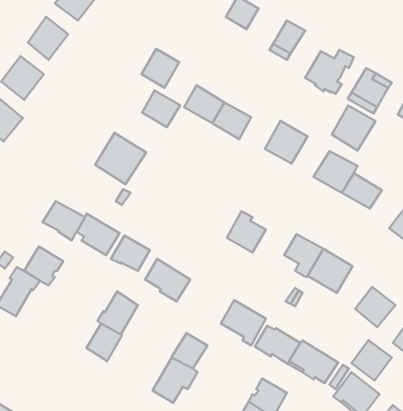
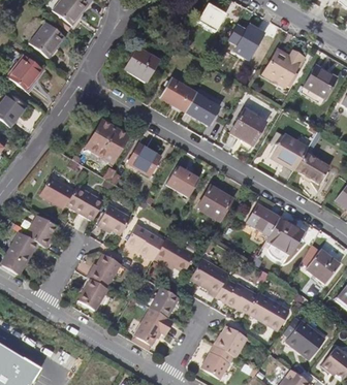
building: [142,90,180,127] -> [128,143,160,174]
building: [332,106,375,151] -> none
building: none -> [166,165,198,196]
building: none -> [156,238,196,272]
building: [351,340,392,380] -> none

